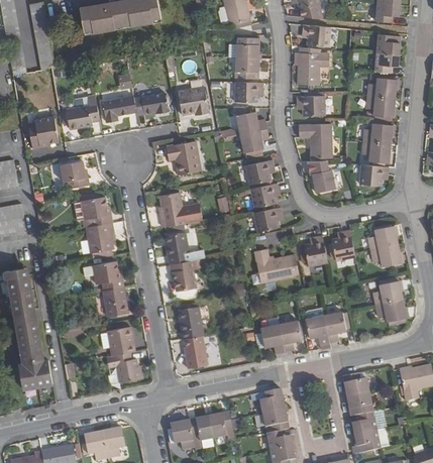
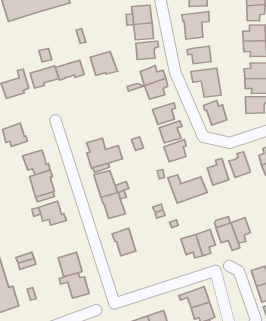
building: [166,140,200,173] -> none
building: [102,286,127,317] -> none
building: [184,335,207,368] -> none

